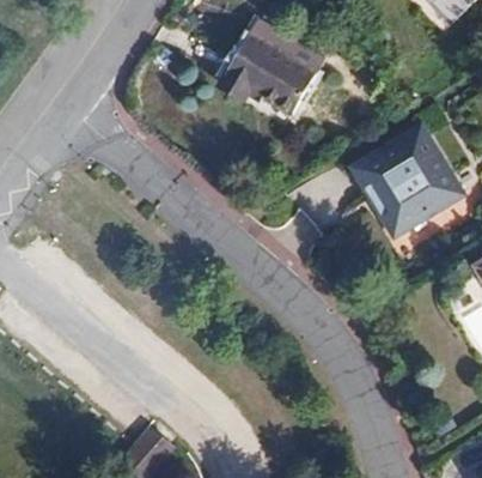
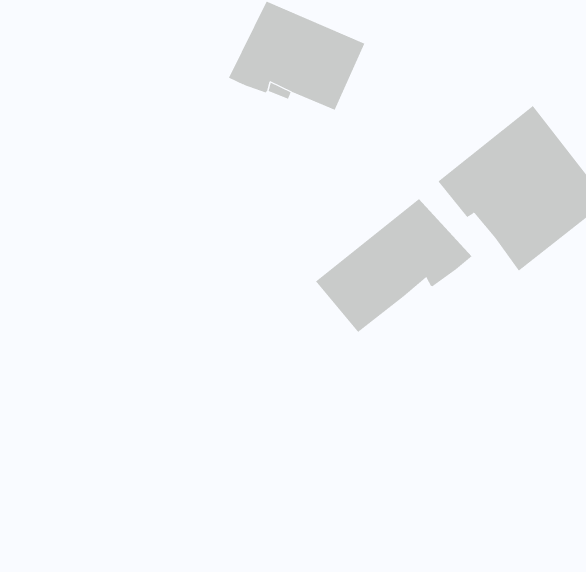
building: none -> [315,198,472,333]

